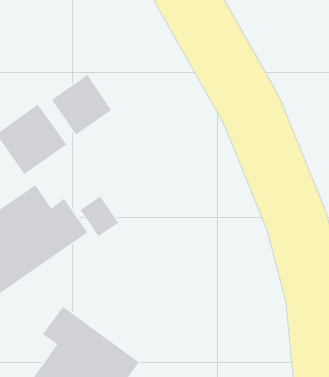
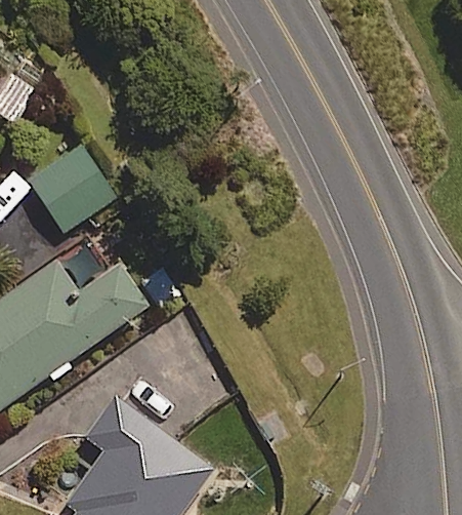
building: [51,74,112,136] -> none

